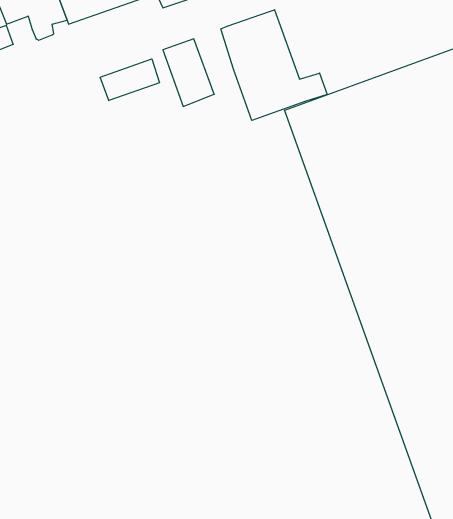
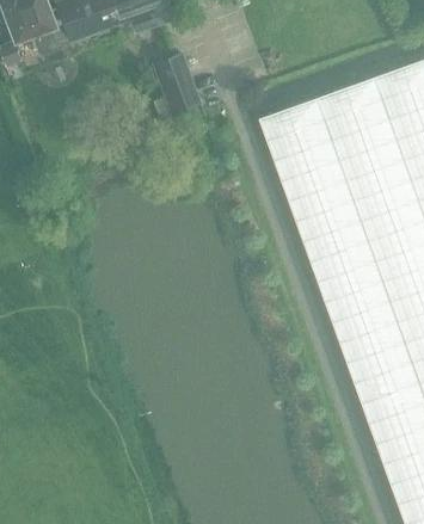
building: [221,10,327,120] -> none
building: [100,59,159,101] -> none

